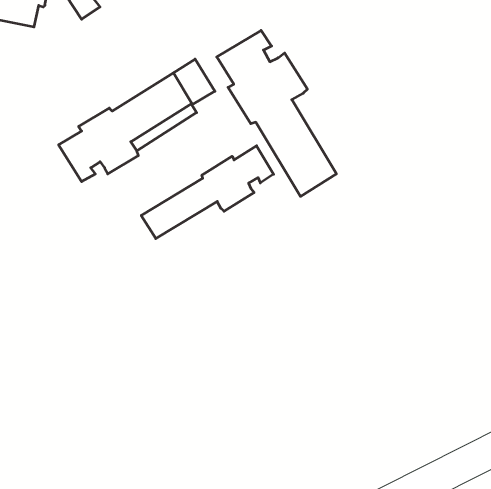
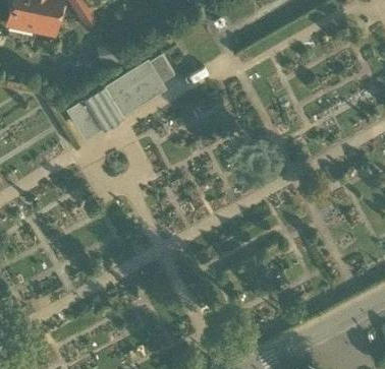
building: [217,30,336,196] -> none
building: [141,146,274,239] -> none

